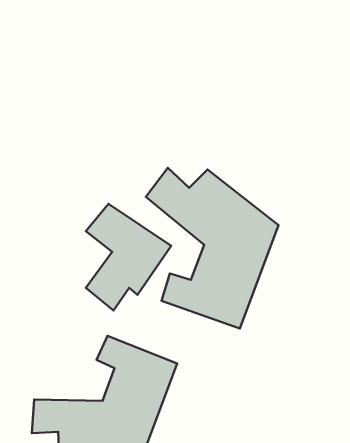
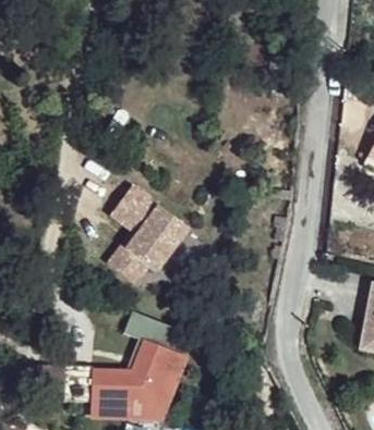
building: [146,168,278,328] -> none

